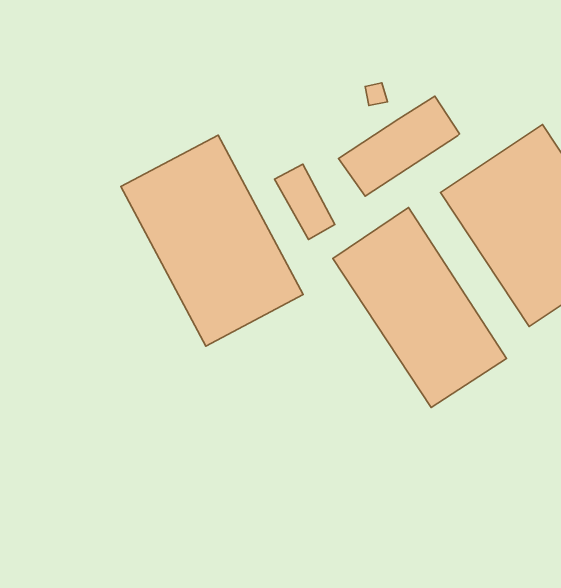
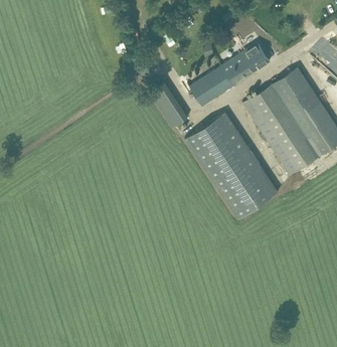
building: none -> [239,40,270,72]
building: [121,135,303,346] -> none

